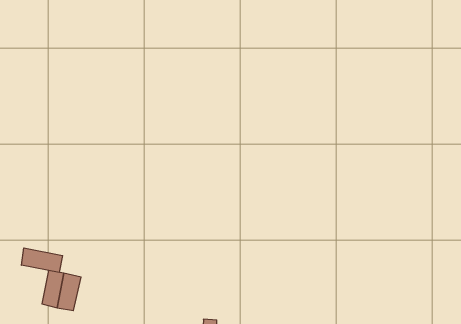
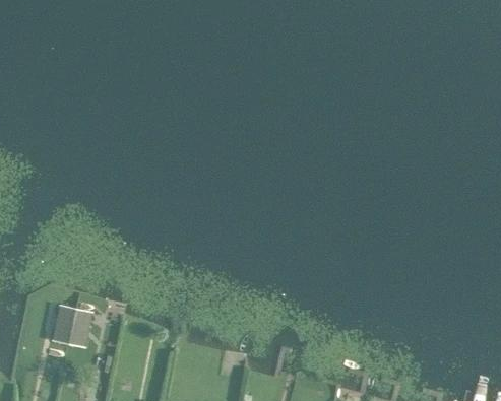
building: [21,248,63,272] -> none

